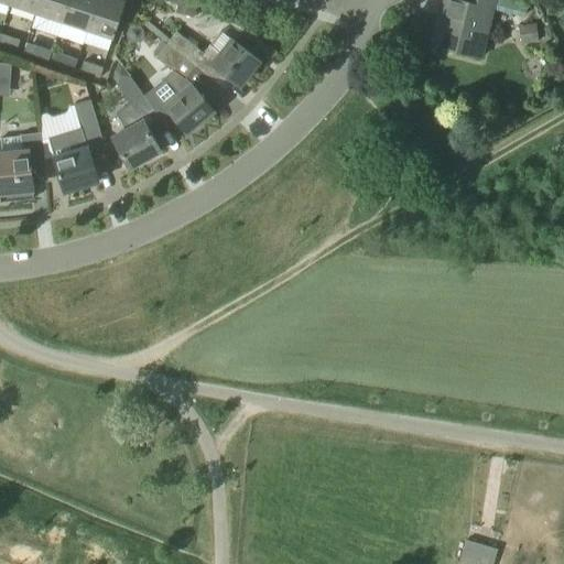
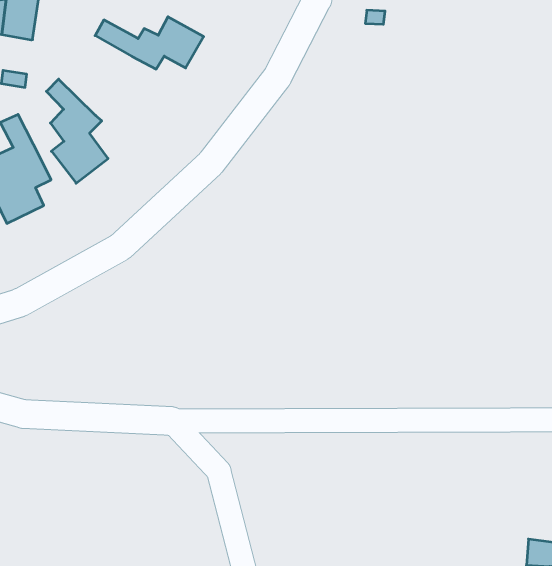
building: [155,44,214,132] -> none

